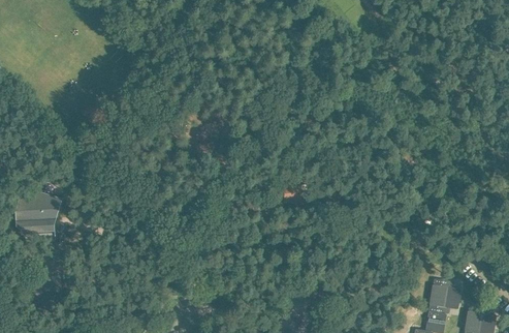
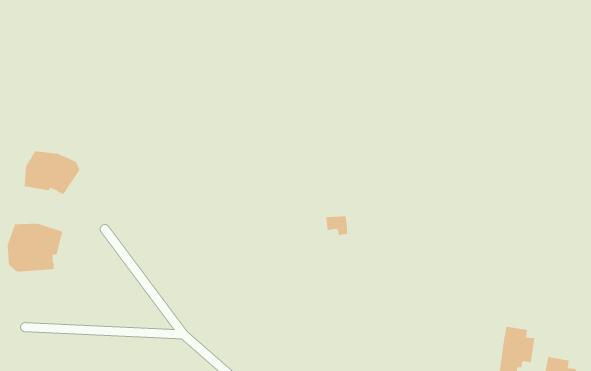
building: none -> [24,151,80,196]

